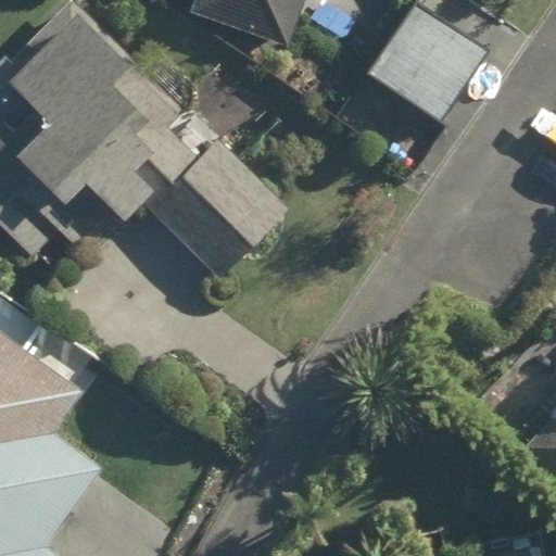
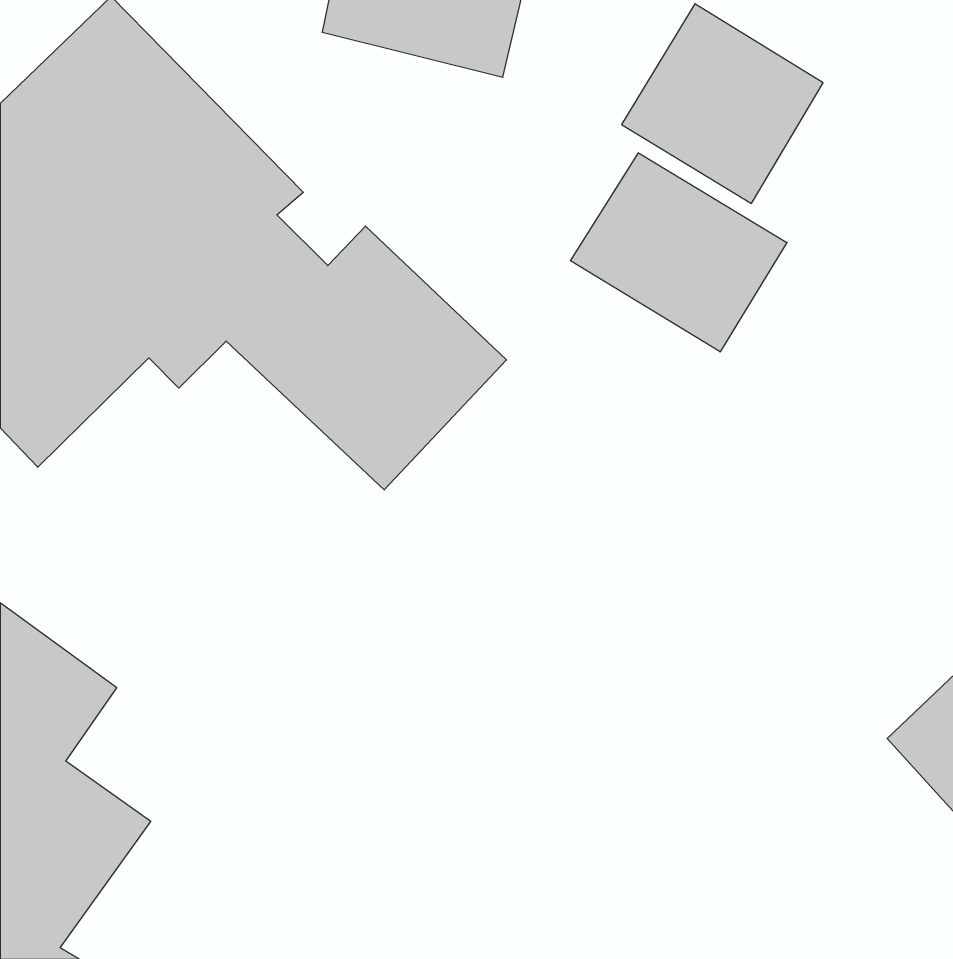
building: none -> [571,153,787,352]

